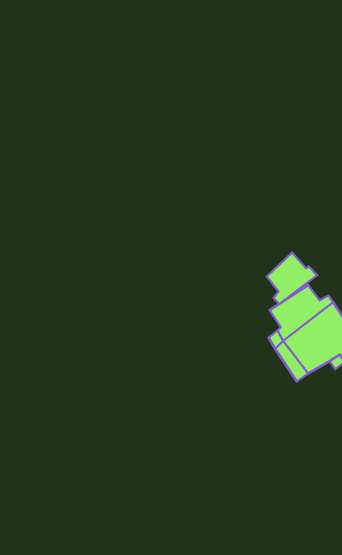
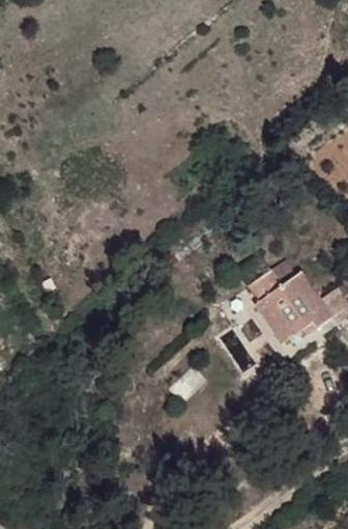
building: [267,252,317,304] -> none

